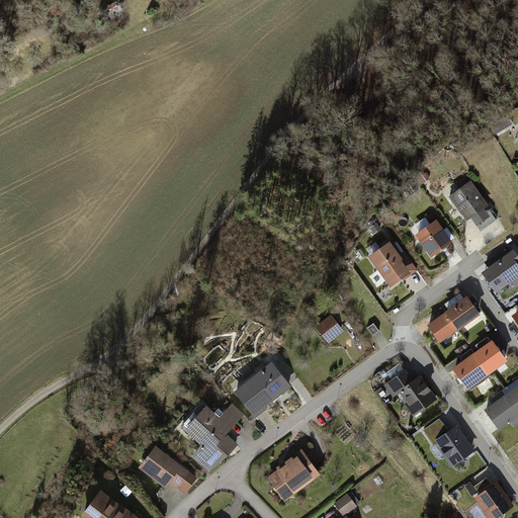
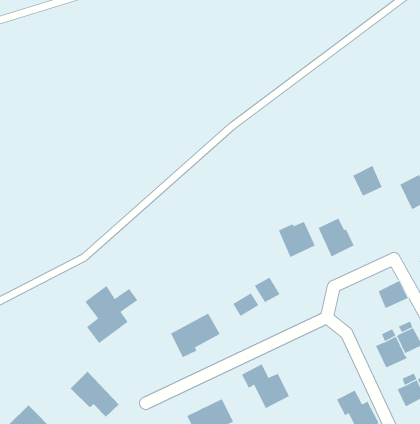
building: [418,221,451,255] -> [353,165,383,197]
building: none -> [278,221,315,258]
building: [428,312,457,341] -> none
building: none -> [233,293,259,317]
building: [382,369,437,416] -> [241,364,290,409]
building: [187,407,243,470] -> [85,285,138,344]

